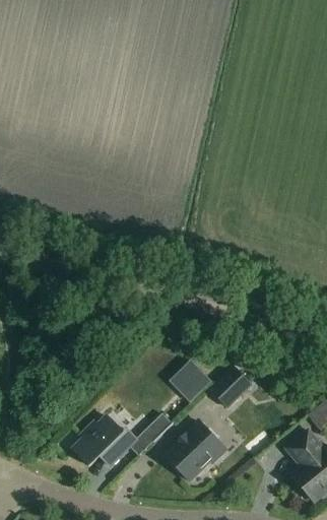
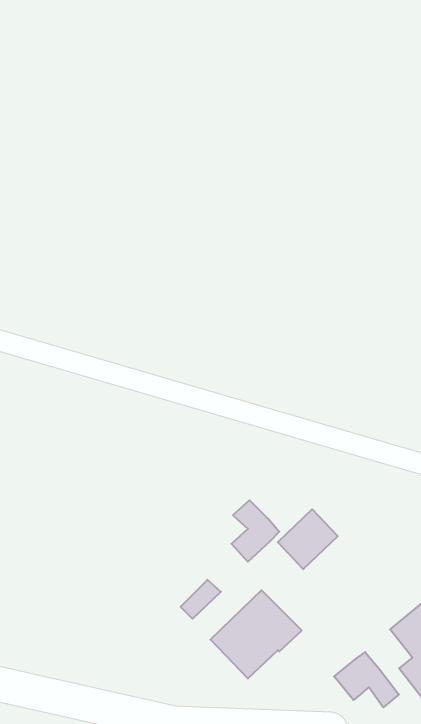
building: [74,415,137,466] -> none
building: none -> [334,652,399,707]

